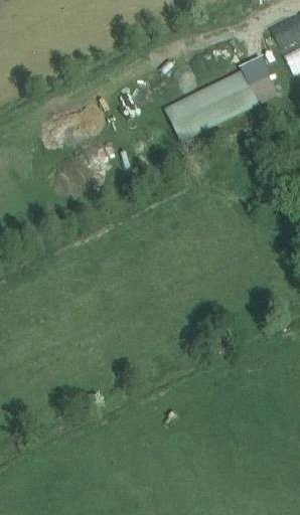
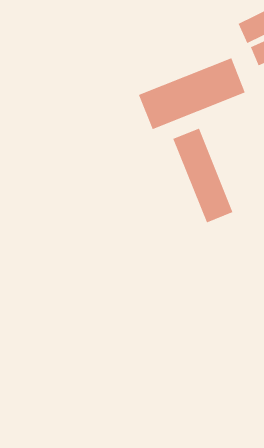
building: none -> [172,128,234,224]

